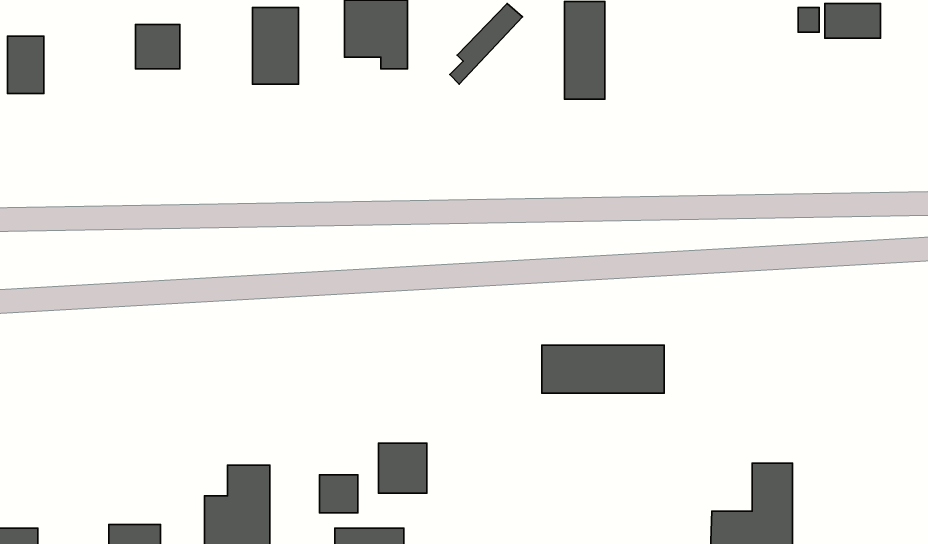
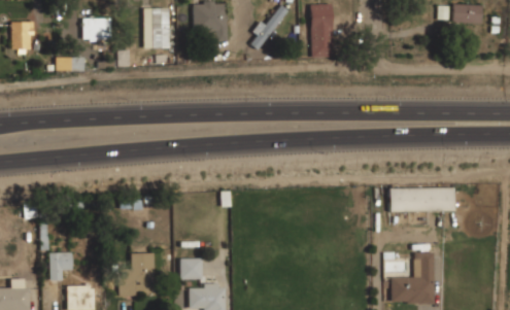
building: [542,345,664,393] -> [390,186,456,212]
building: [379,443,427,493] -> none
building: none -> [49,252,73,280]

